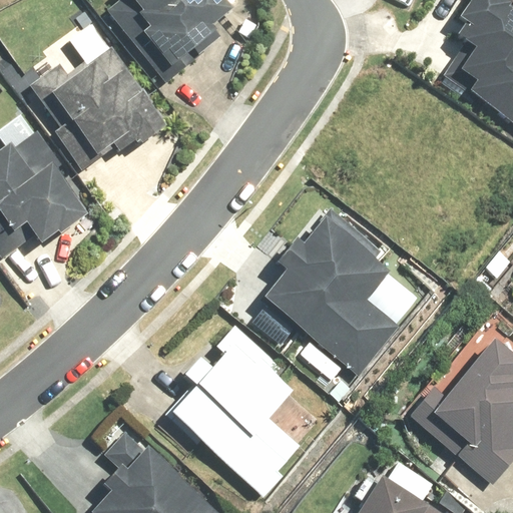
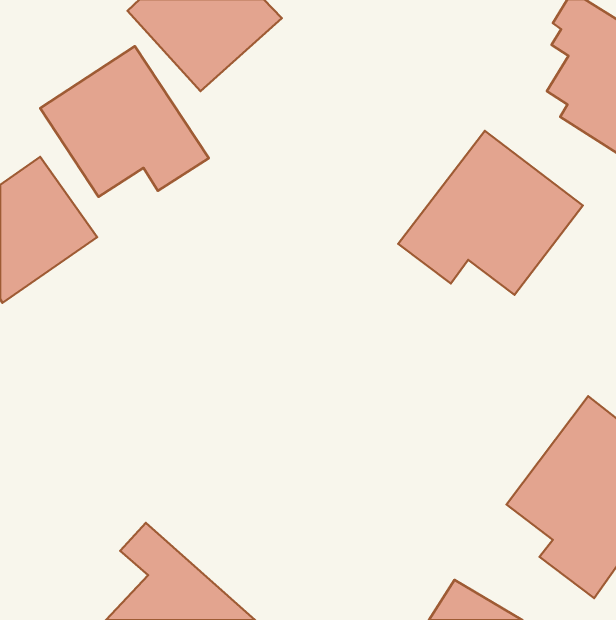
building: none -> [398,131,583,295]
building: [259,218,400,380] -> none
building: [166,340,308,500] -> none

